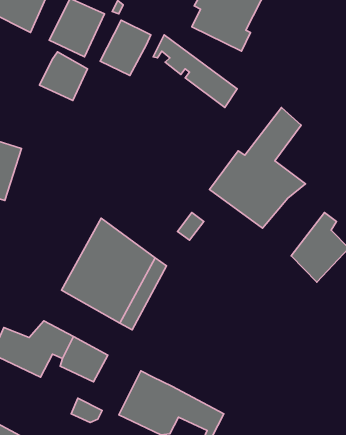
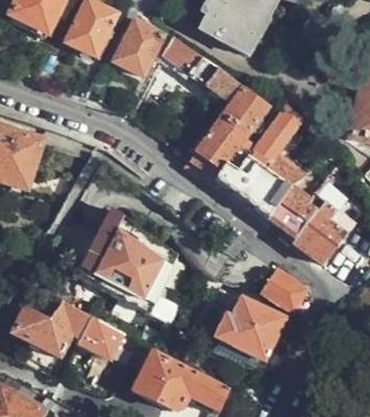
building: [39,52,88,100] -> none
building: none -> [184,86,265,180]
building: none -> [266,188,324,245]
building: none -> [259,267,305,312]
building: none -> [215,297,283,357]

